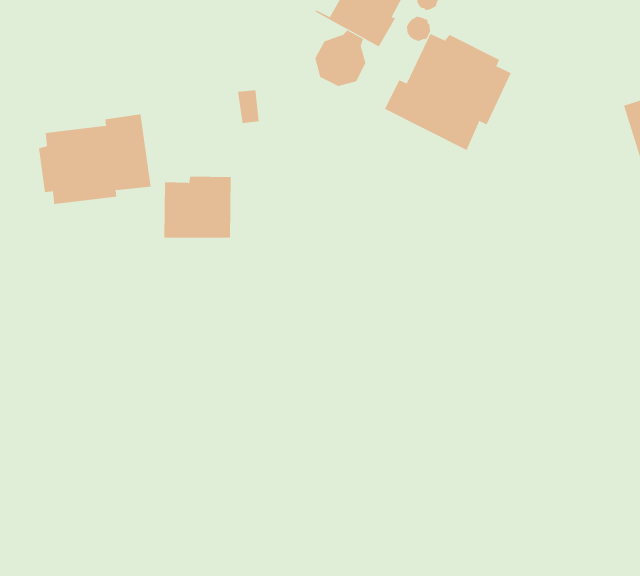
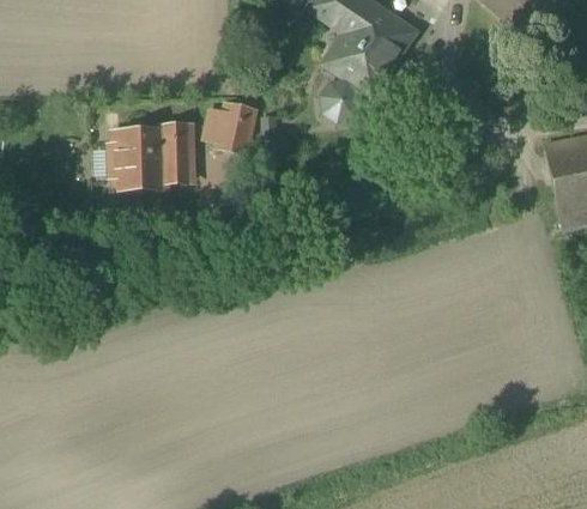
building: [384,33,512,151] -> none
building: [163,176,231,238] -> [200,101,255,150]

